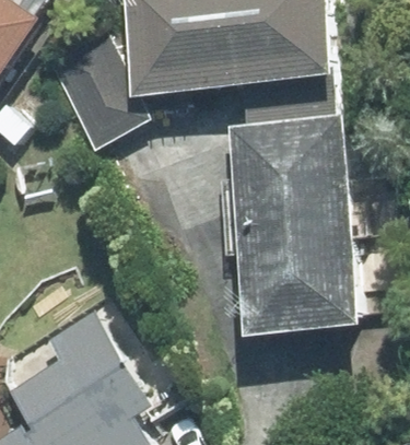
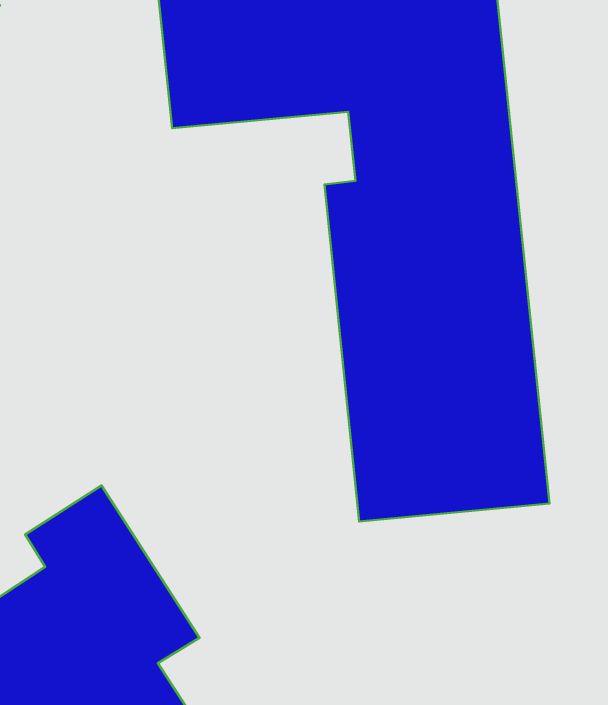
building: [40,30,148,151] -> none

